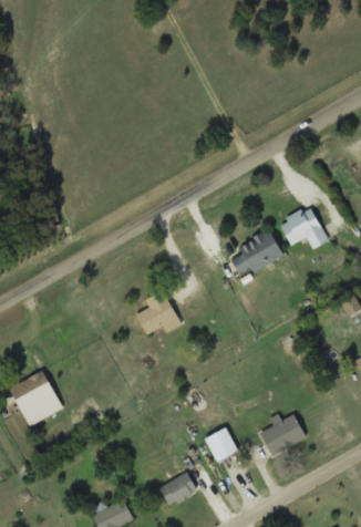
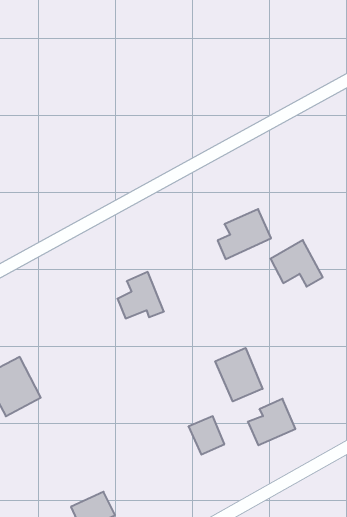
building: [279,205,329,249] -> [270,240,323,287]
building: none -> [215,348,263,401]
building: [159,473,198,506] -> none

